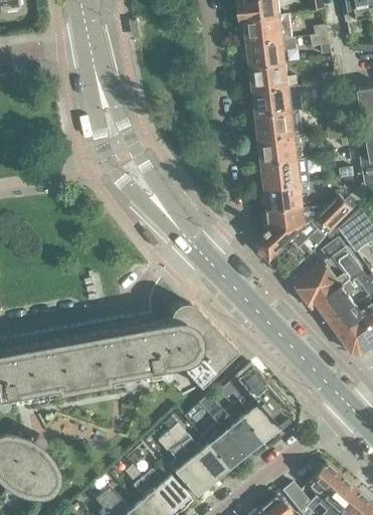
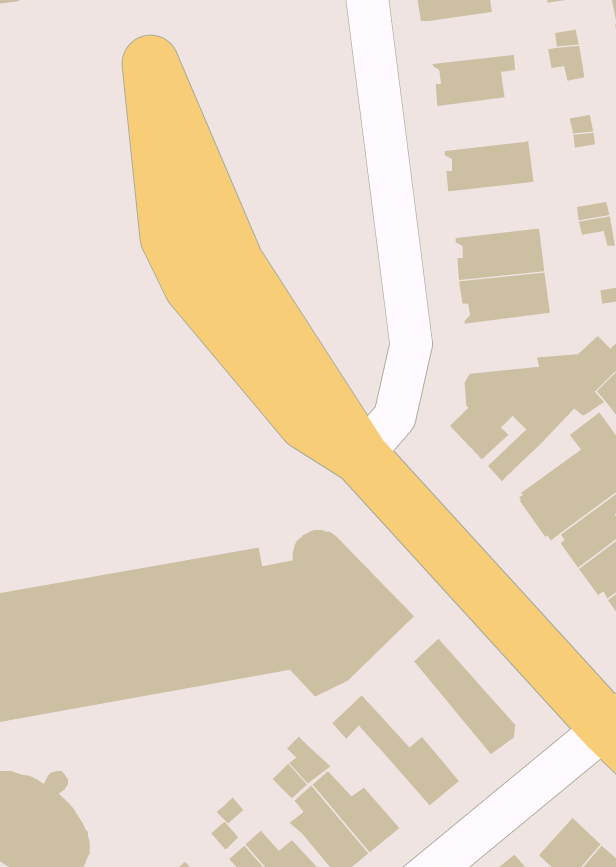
building: [244,15,293,44] -> none
building: [249,63,299,93] -> none
building: [255,111,305,141] -> none
building: [264,183,313,216] -> none
building: [218,376,279,443] -> none
building: [201,423,245,469] -> none

